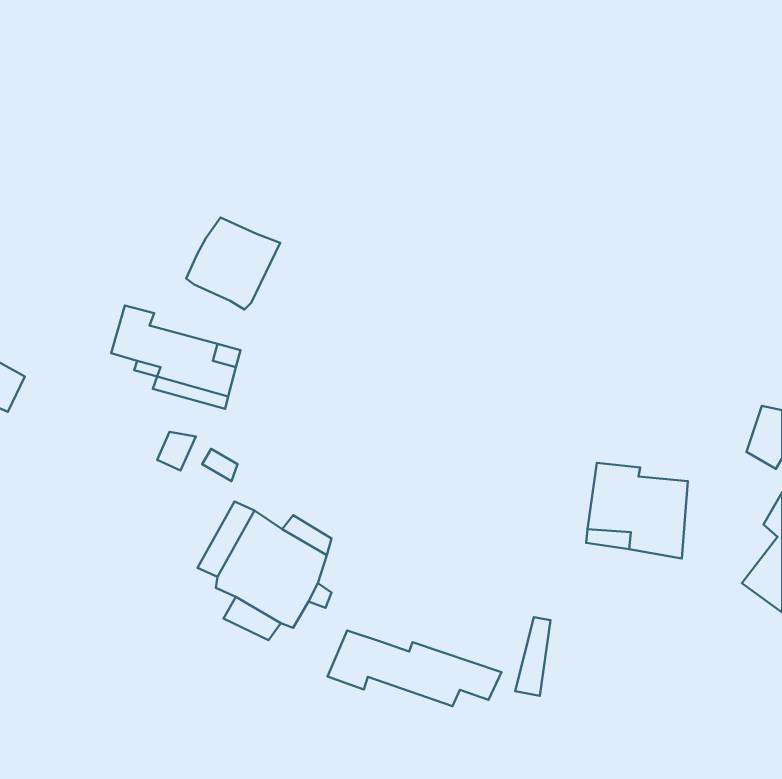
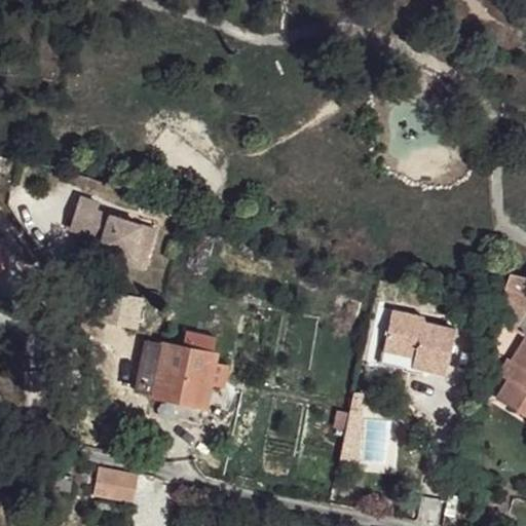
building: [186,217,280,309] -> none
building: [328,631,501,706] -> none
building: none -> [85,462,133,498]

